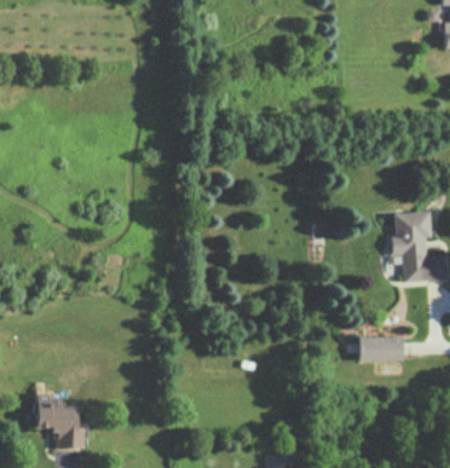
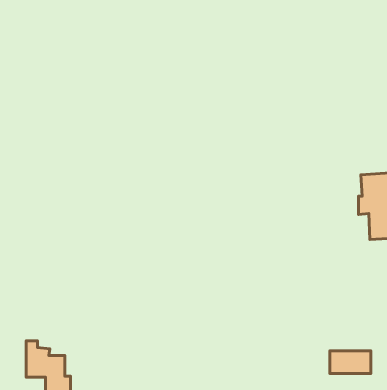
building: [358,336,402,360] -> [330,351,371,374]

